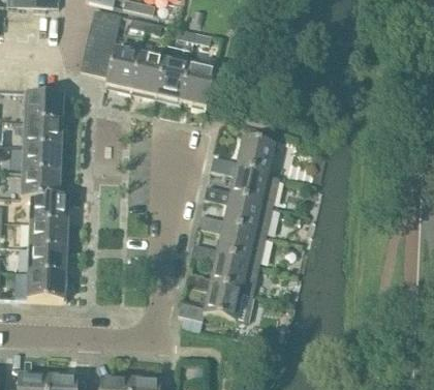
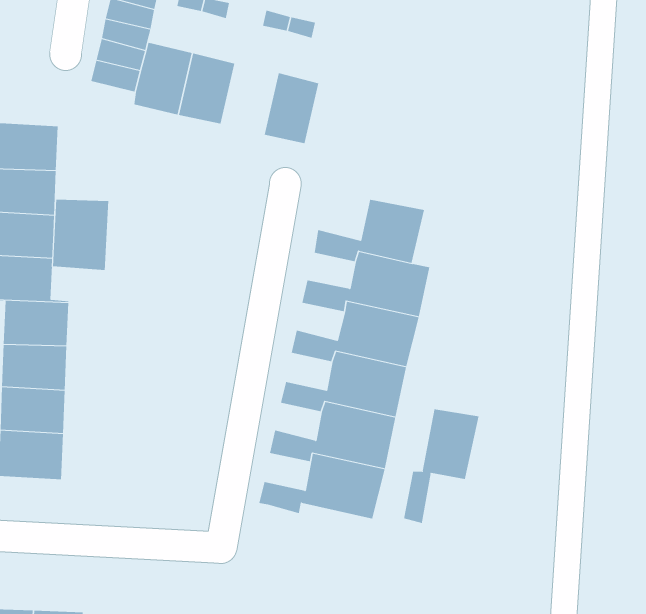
building: [156,57,189,98] -> none
building: none -> [53,199,109,271]
building: none -> [403,409,479,524]

